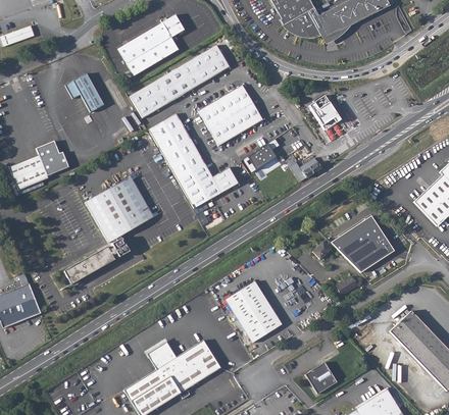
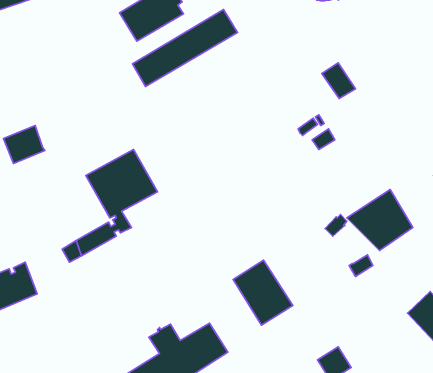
building: [64,72,103,111] -> none
building: [198,84,262,145] -> none
building: [149,112,238,207] -> none
building: [35,140,69,174] -> none
building: [247,143,276,168] -> none

